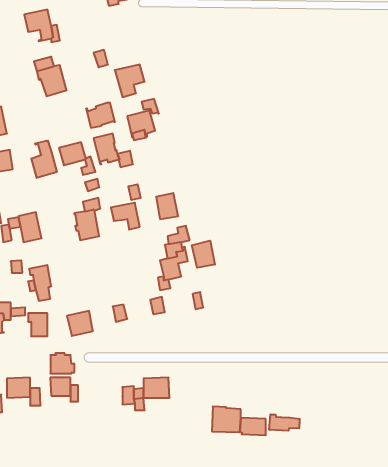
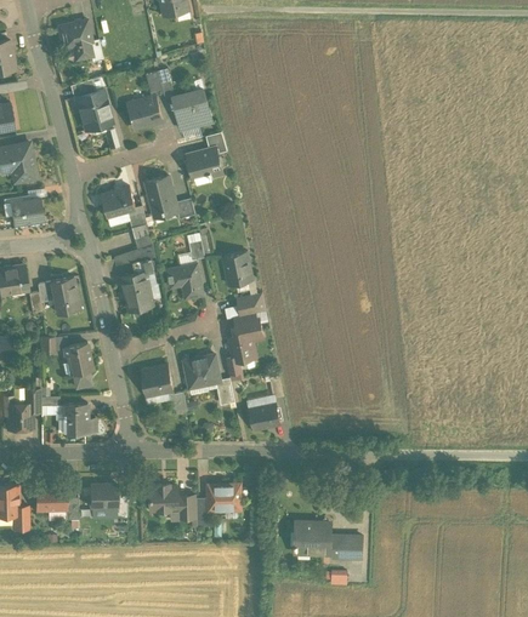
building: [86,103,115,128] -> [125,96,161,127]
building: [31,141,57,178] -> none
building: [192,241,215,268] -> none
building: none -> [183,354,220,387]
building: [67,311,93,336] -> [140,364,172,395]
building: none -> [248,402,280,429]
building: [50,353,74,373] -> [151,484,181,509]
building: [269,414,300,431] -> none

